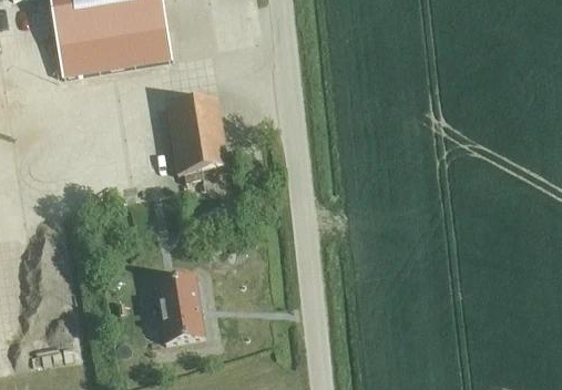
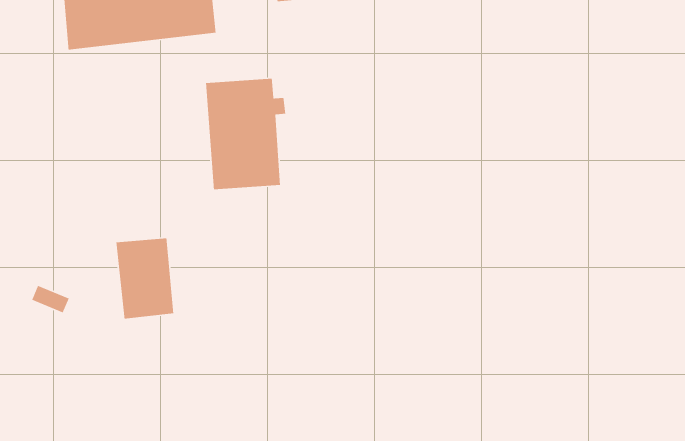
building: [155,280,204,346] -> [115,238,174,320]

